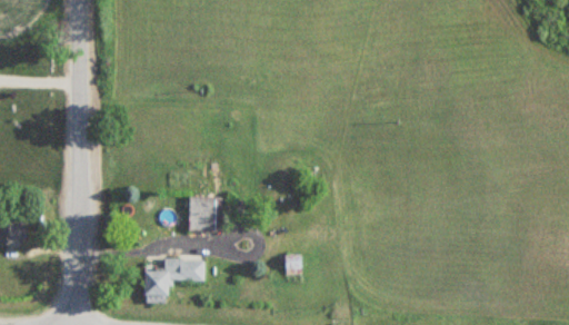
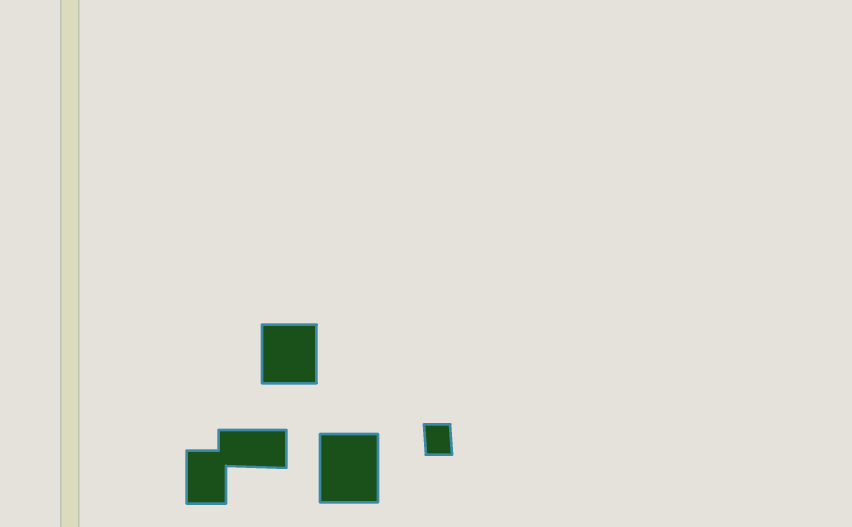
building: none -> [320,434,378,502]

